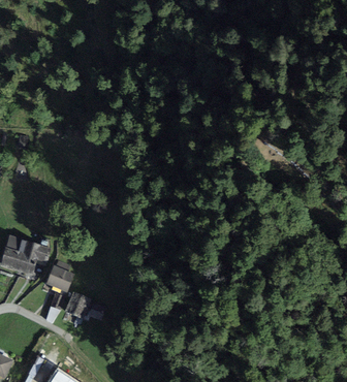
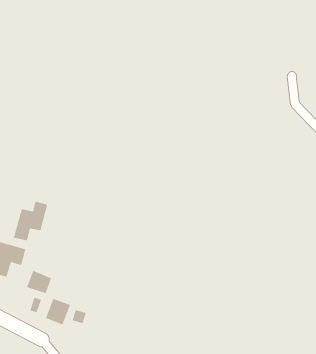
building: none -> [13,201,48,241]

